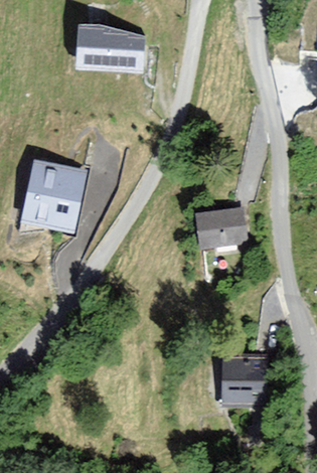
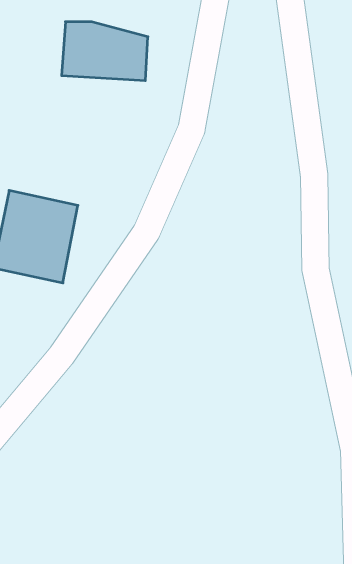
building: [194,206,248,249] -> none
building: [221,356,270,404] -> none

